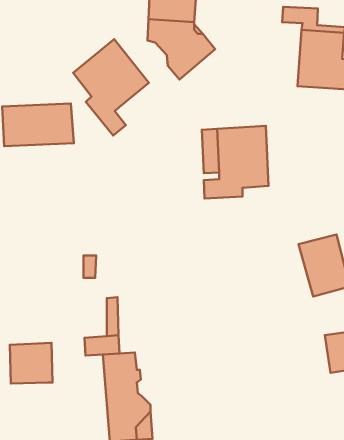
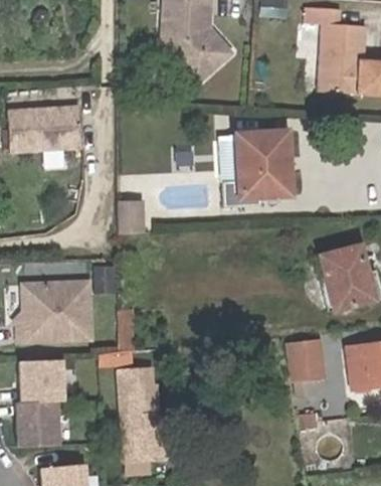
building: [73,39,149,135] -> none
building: none -> [119,200,145,232]
building: none -> [19,281,90,338]
building: none -> [289,339,323,399]
building: none -> [18,398,59,444]

